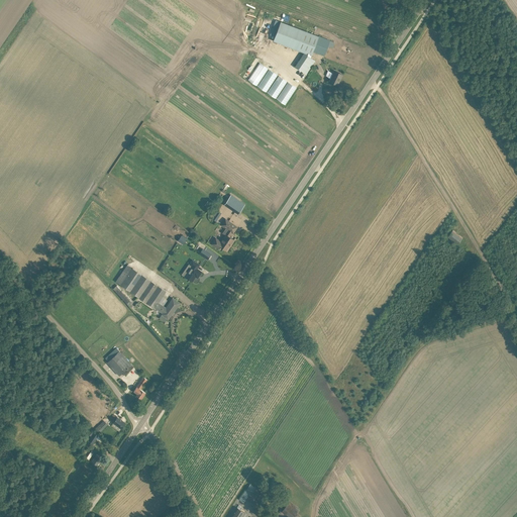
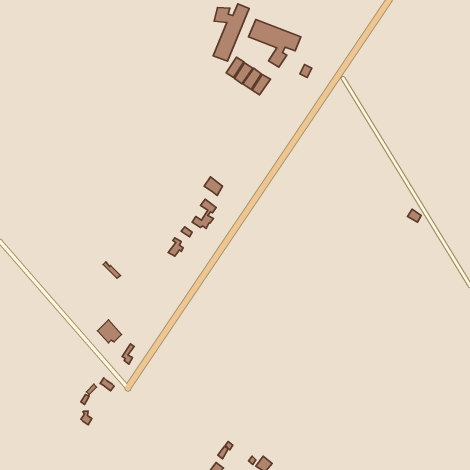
building: none -> [213,4,249,61]
building: [115,266,180,320] -> none

